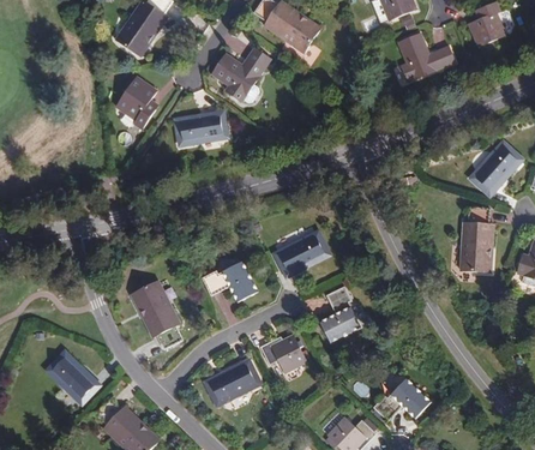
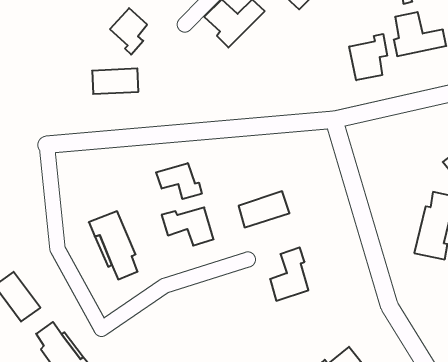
building: none -> [349,34,387,80]
building: [175,110,224,143] -> [92,68,138,94]
building: none -> [156,163,202,199]
building: [260,335,305,372] -> none
building: [205,360,257,403] -> none

